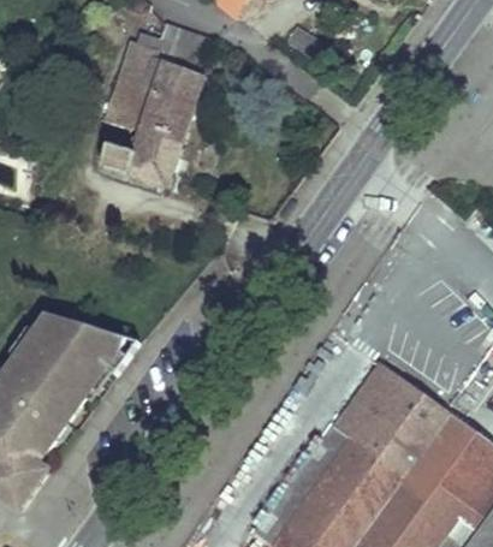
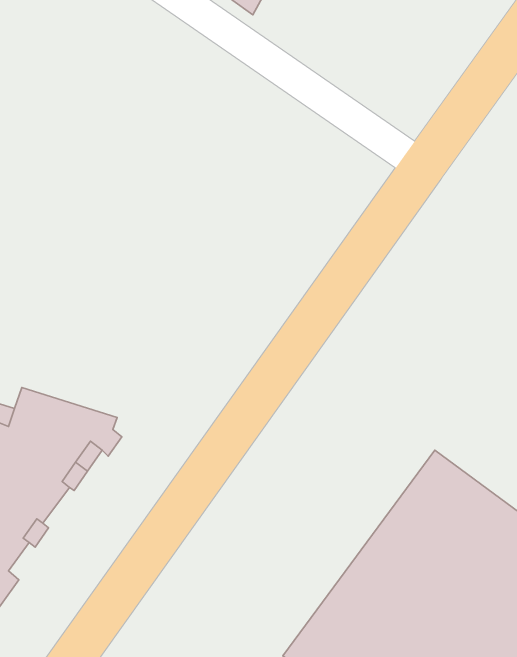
building: [103,23,209,186] -> none

